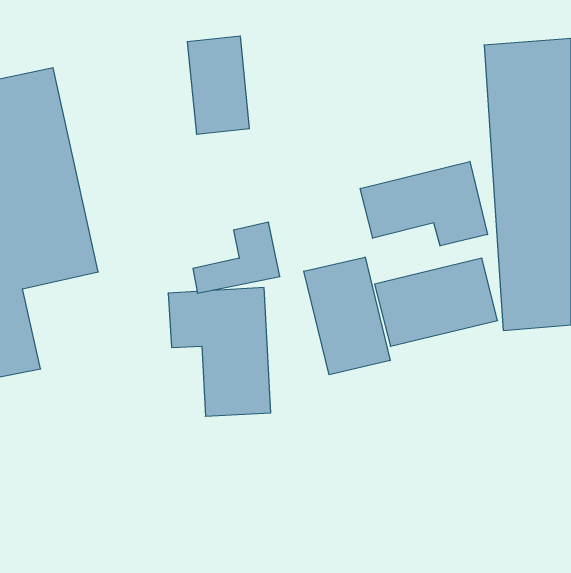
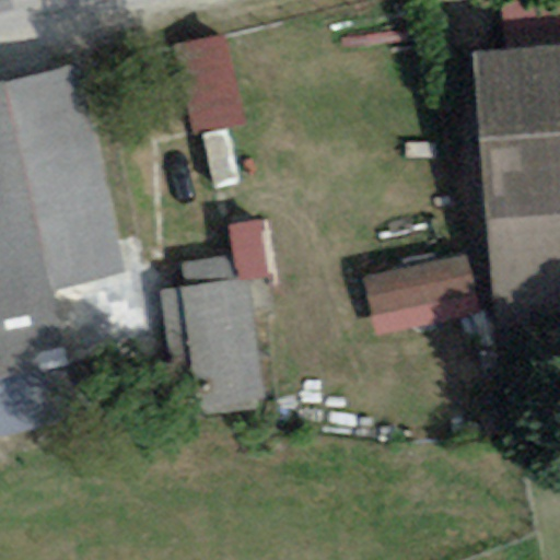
building: [360,161,488,246] -> none
building: [304,257,390,375] -> none

